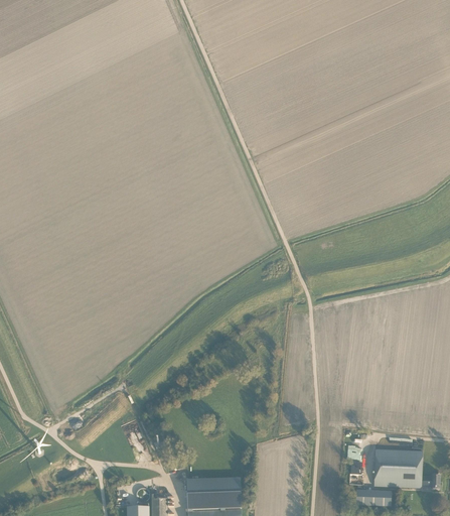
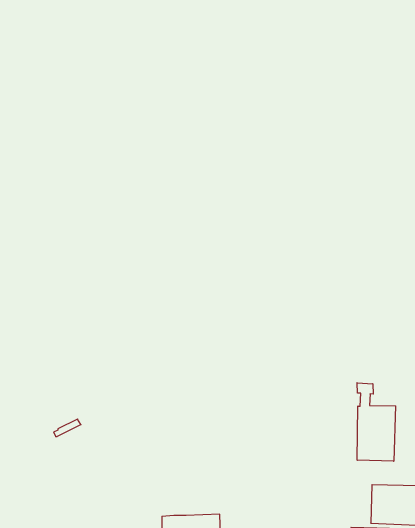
building: none -> [357,383,396,461]

